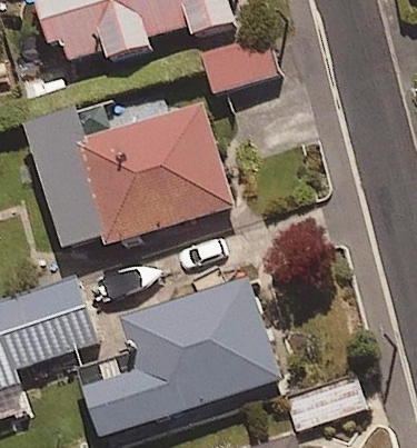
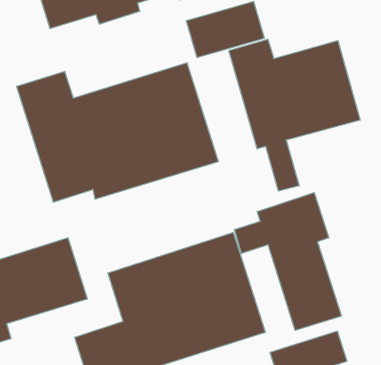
building: none -> [229,39,360,191]
building: none -> [234,192,341,330]

